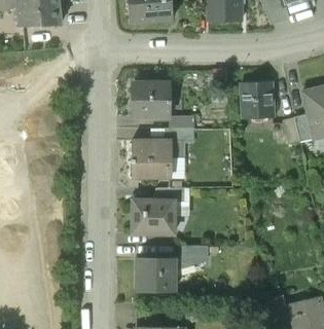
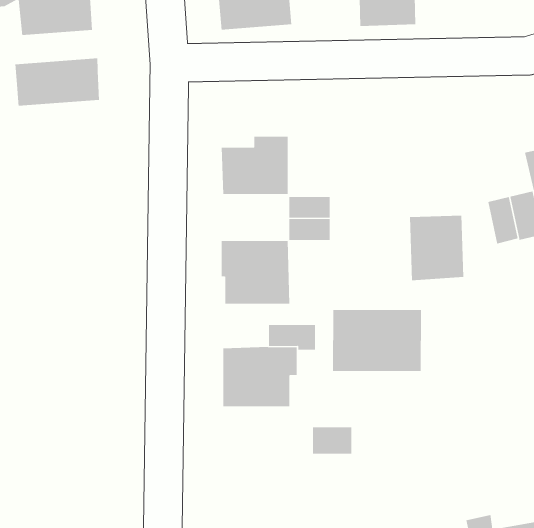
building: none -> [15,58,99,107]
building: [242,82,273,119] -> [409,215,464,281]
building: none -> [332,309,421,372]
building: [135,259,174,291] -> none

